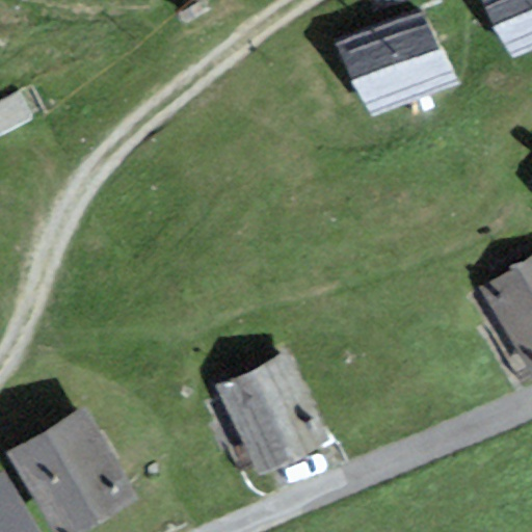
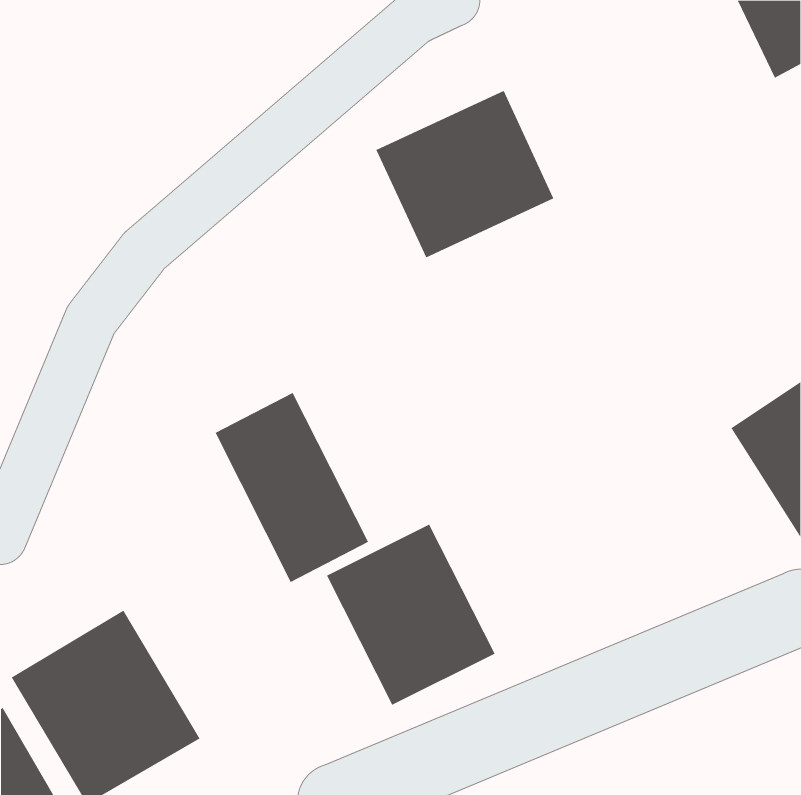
building: [338,8,456,119] -> [376,90,554,258]
building: none -> [215,392,369,583]

